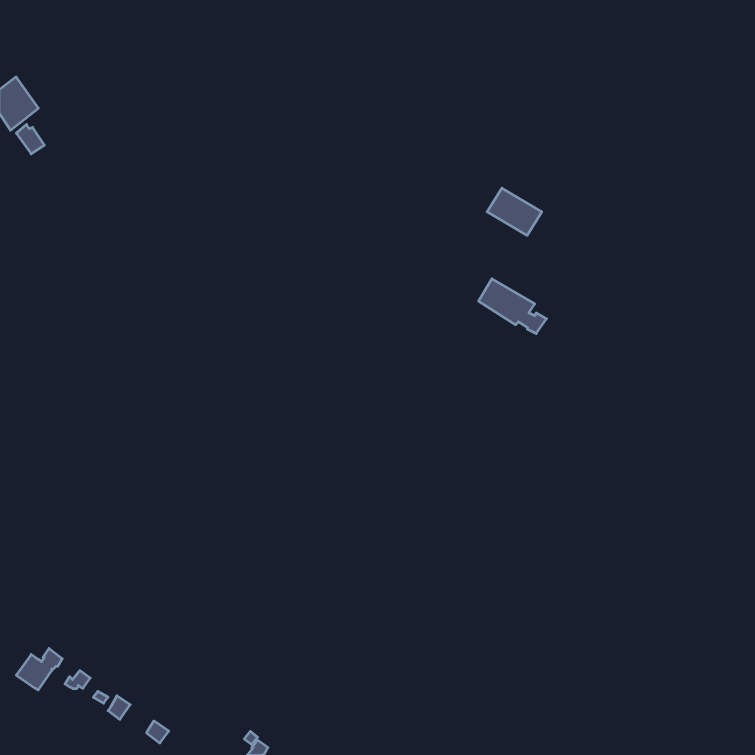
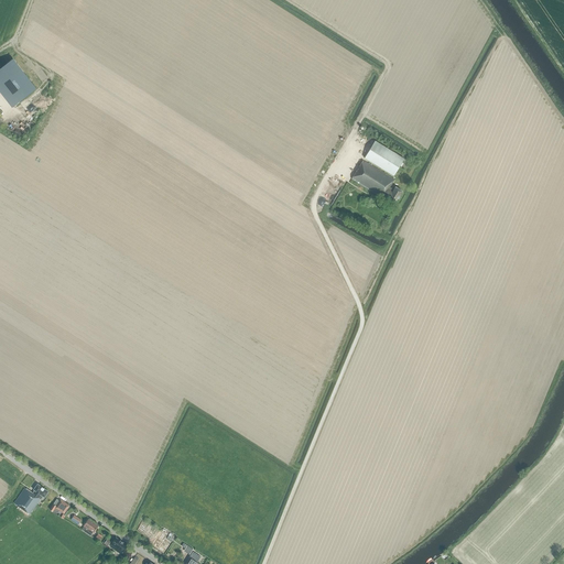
building: [479,279,547,334] -> [350,161,401,202]

